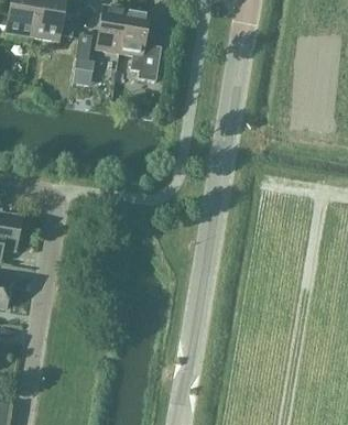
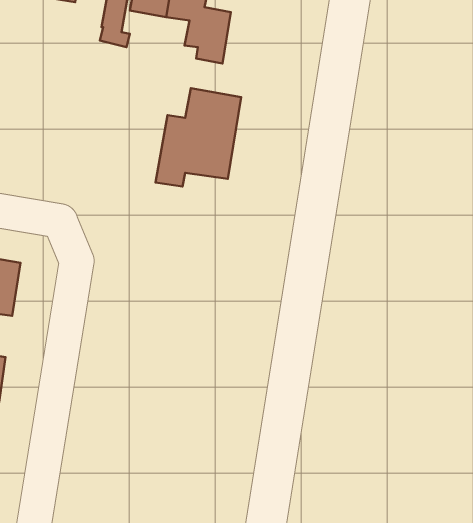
building: none -> [156,88,241,187]

